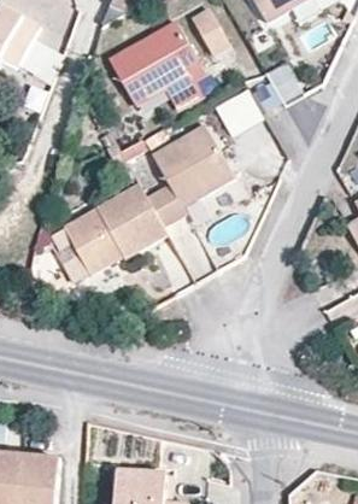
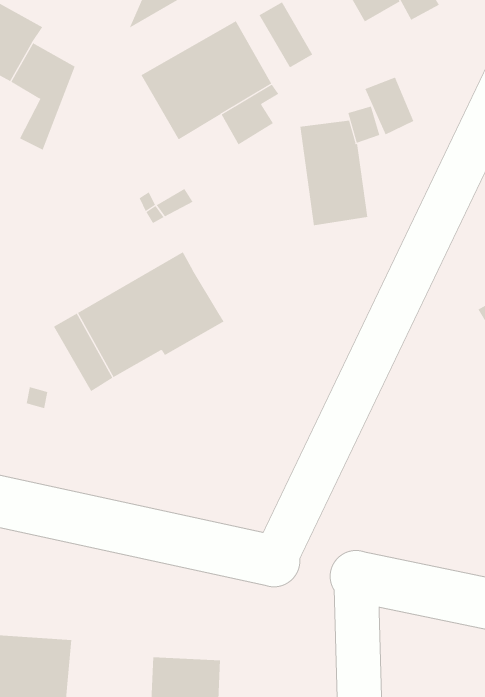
building: [145,123,233,227] -> none

